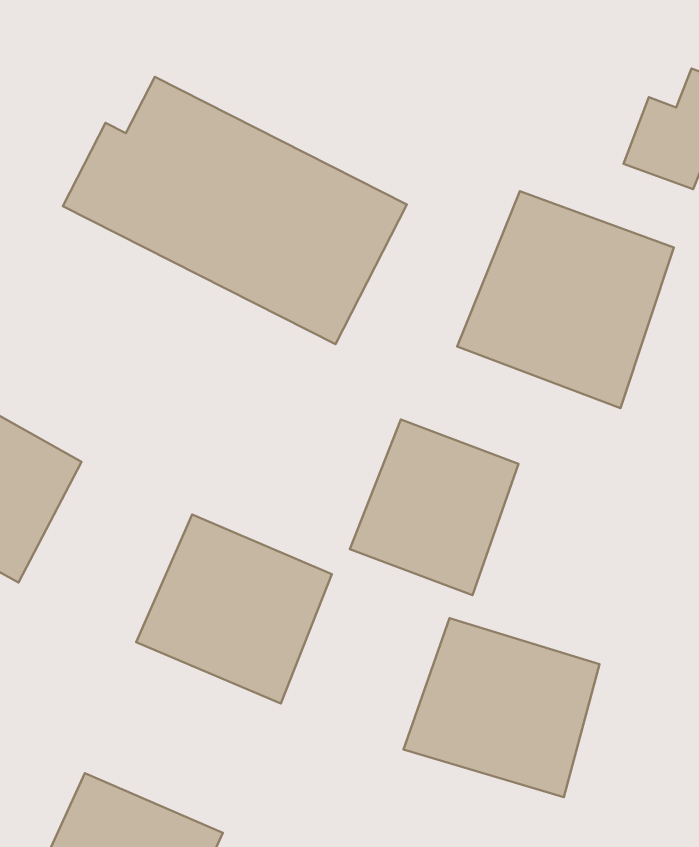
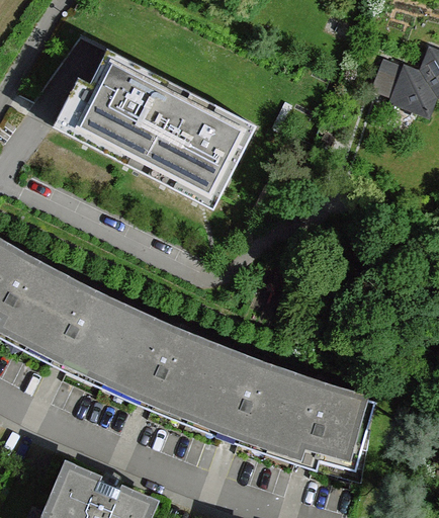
building: [457,191,674,408] -> none
building: [350,420,518,595] -> [184,344,284,448]
building: none -> [28,277,131,384]

